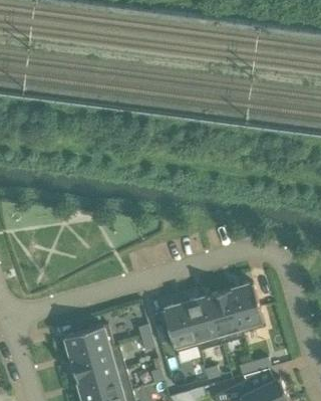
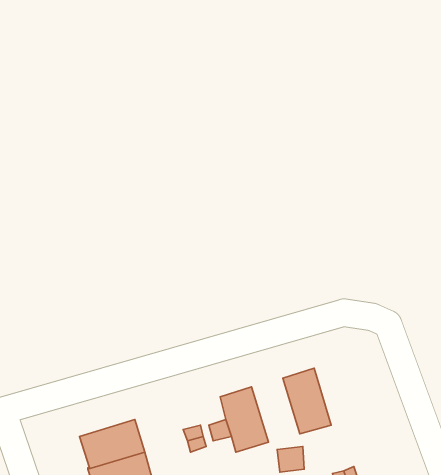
building: [229,284,264,331] -> none
building: [185,297,219,343] -> none

